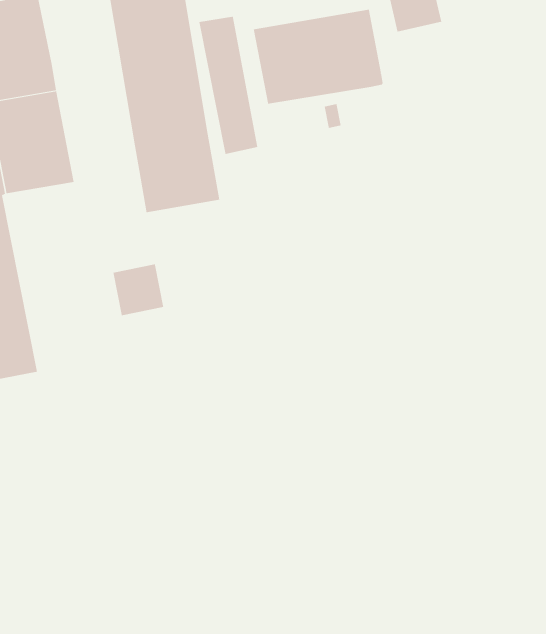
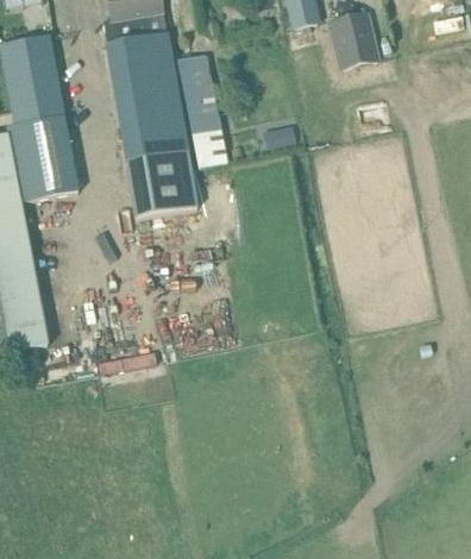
building: [253,9,383,104] -> none
building: [113,264,164,316] -> none

